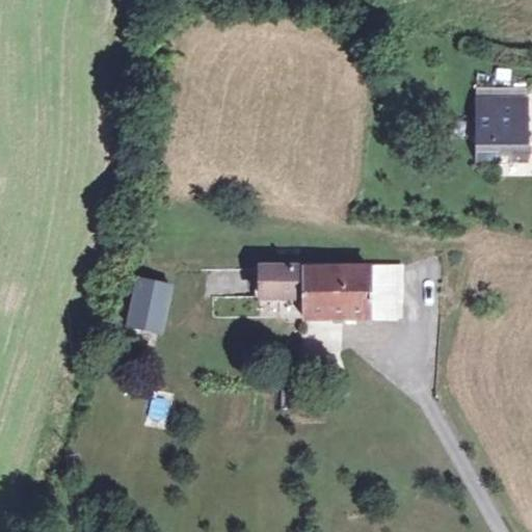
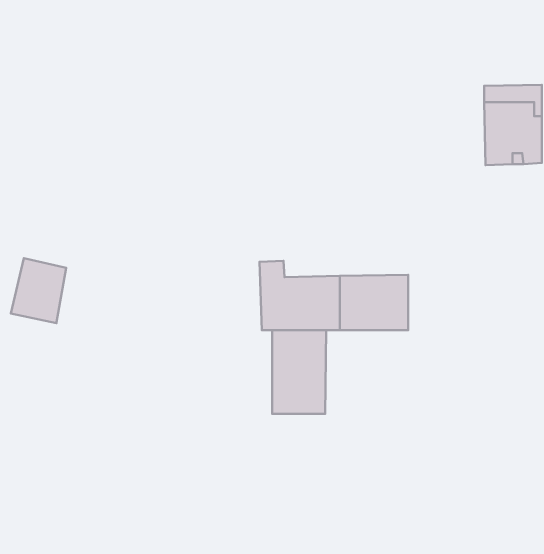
building: [123,275,176,338] -> [11,258,66,323]
building: none -> [272,330,326,414]

